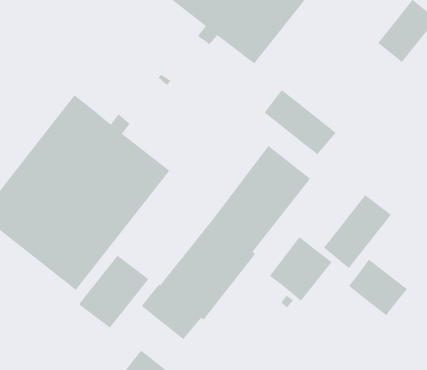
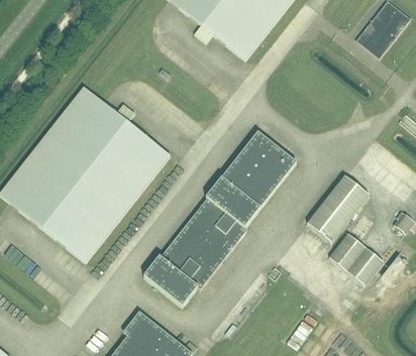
building: [264,89,336,155] -> none
building: [269,236,332,302] -> none
building: [78,255,149,329] -> none

